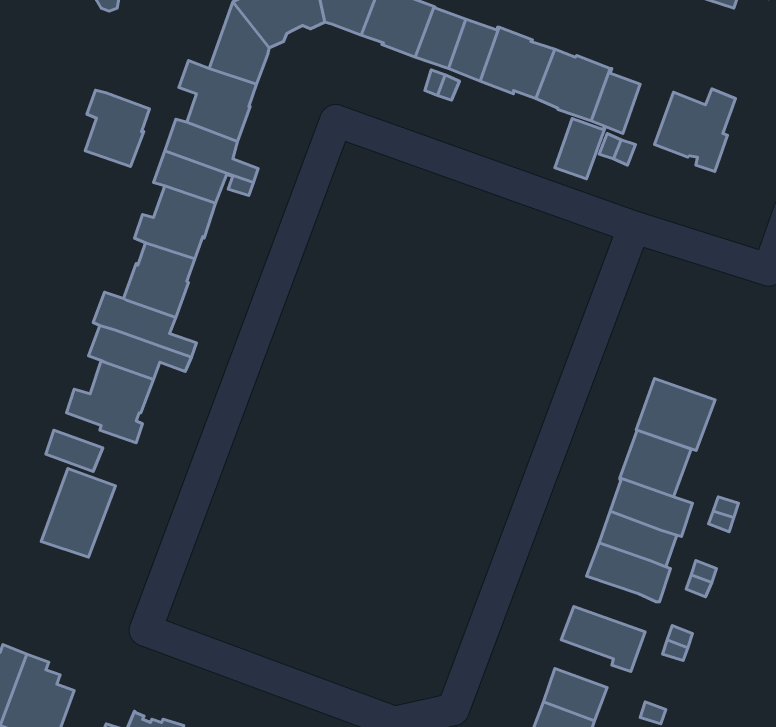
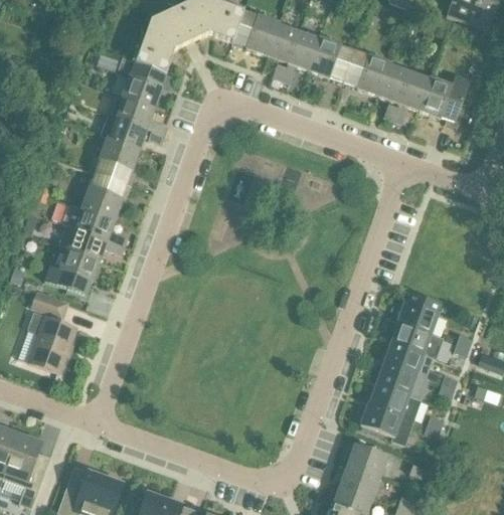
building: [85,90,149,166] -> none
building: [555,119,606,179] -> [398,71,431,110]
building: [636,378,715,450] -> none
building: none -> [367,383,419,418]

